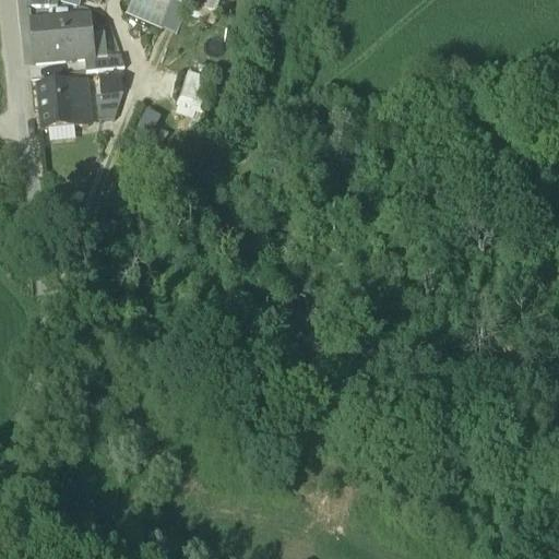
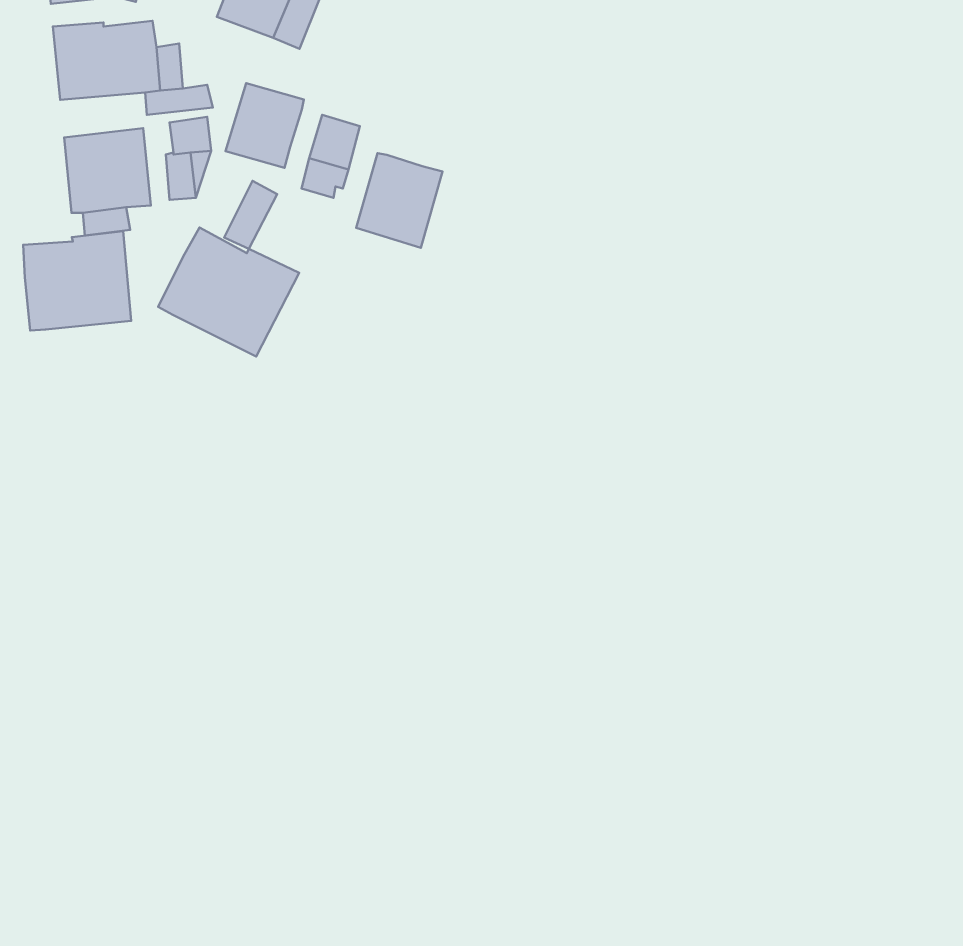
building: none -> [225,83,304,168]
building: none -> [356,153,443,248]
building: none -> [158,228,299,356]
building: none -> [23,231,131,330]

